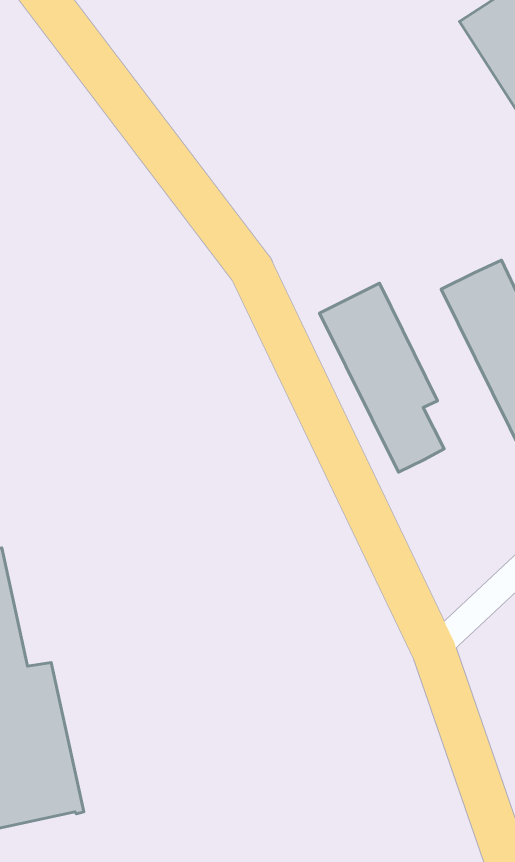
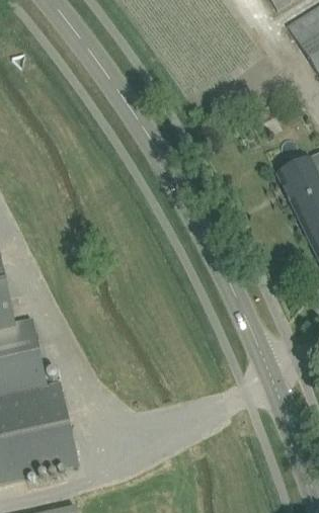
building: [320,283,444,472] -> none

